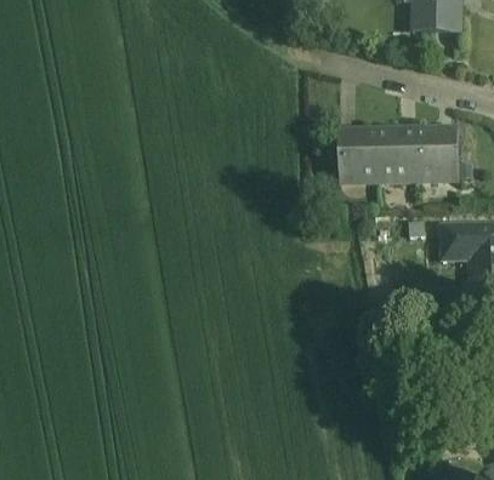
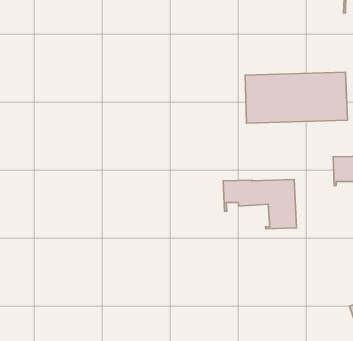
building: none -> [223,179,297,229]

